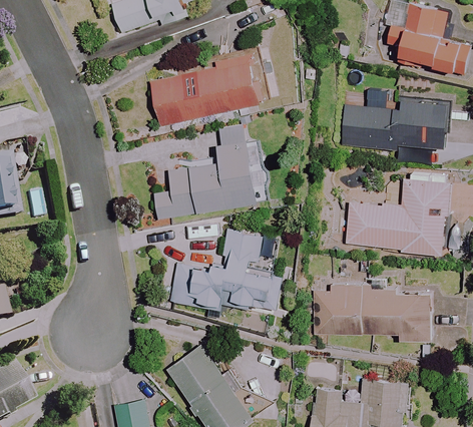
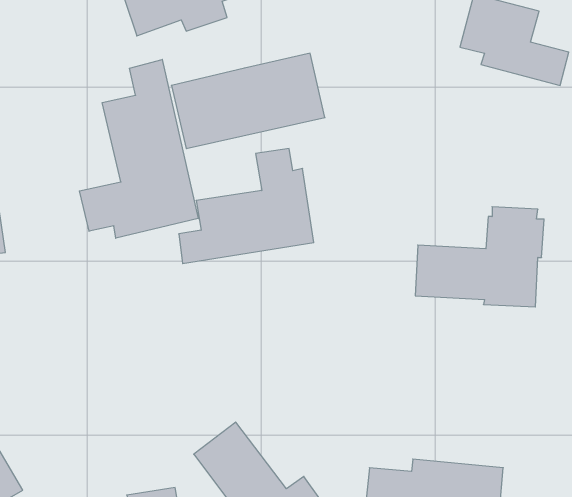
building: none -> [79,59,198,238]
building: [338,97,448,148] -> none
building: [171,231,280,309] -> none
building: [313,284,431,341] -> none

